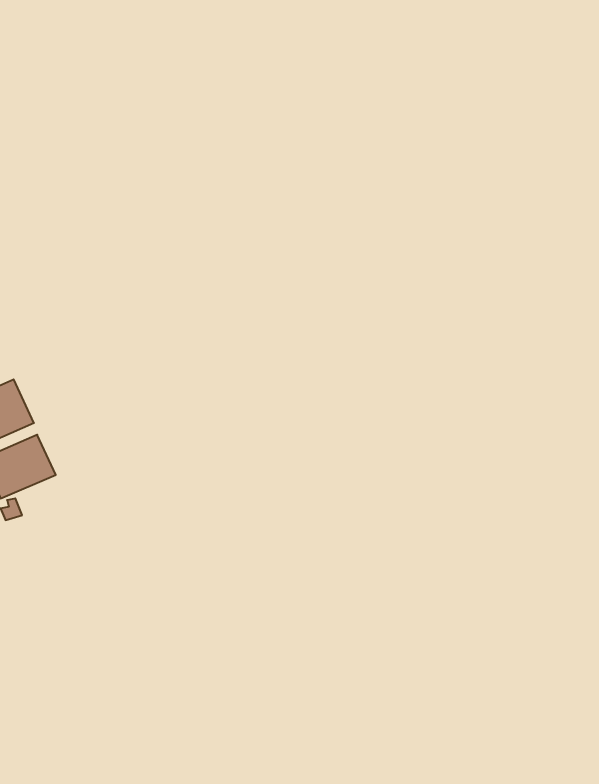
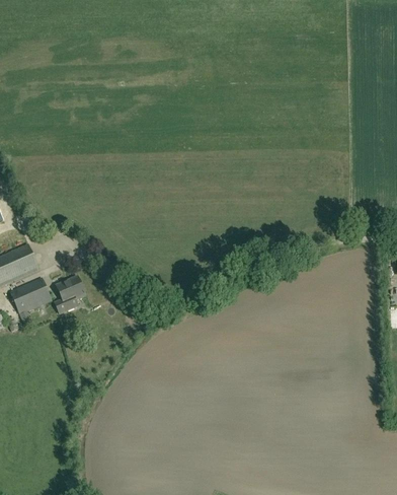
building: none -> [54,276,85,313]

